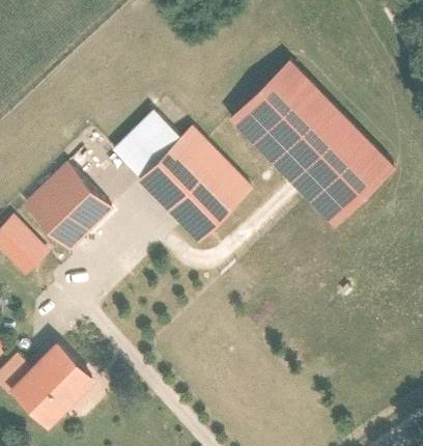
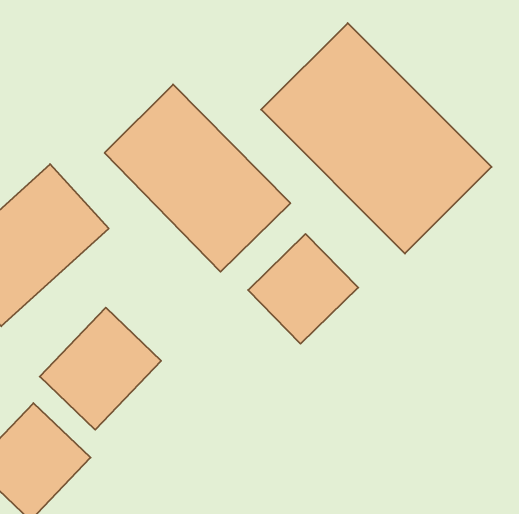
building: none -> [248,234,358,344]
building: none -> [40,308,161,430]

